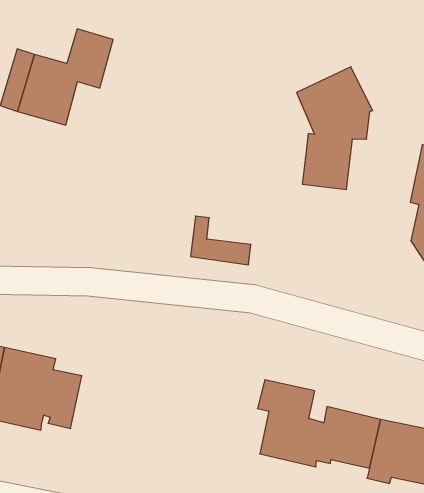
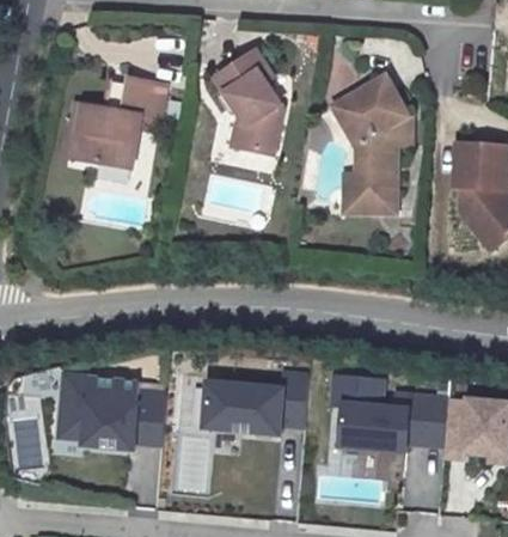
building: none -> [218,50,282,175]
building: [191,216,251,265] -> [338,170,393,209]
building: none -> [206,374,311,434]

